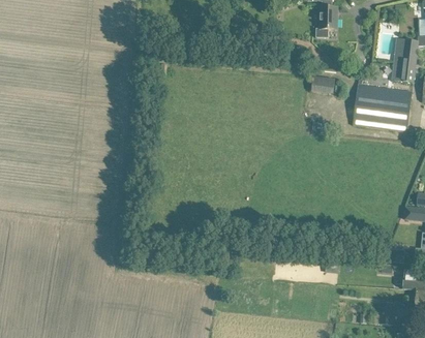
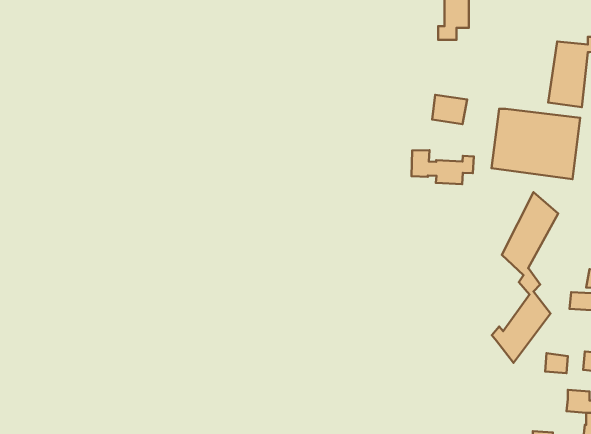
building: none -> [412,150,474,184]
building: none -> [492,192,558,363]

